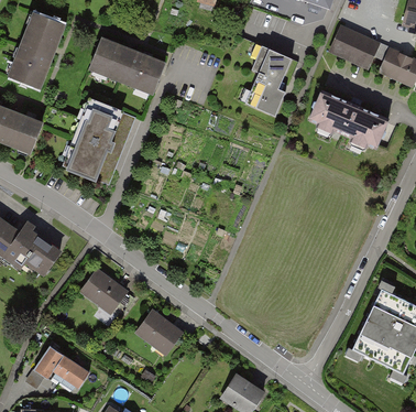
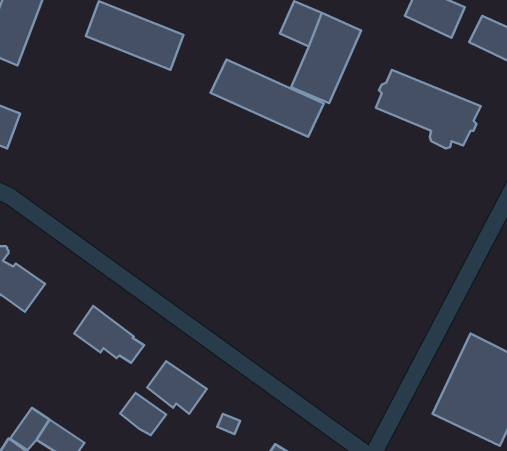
building: none -> [211,60,324,137]
building: [67,100,121,180] -> none
building: none -> [120,393,166,435]

